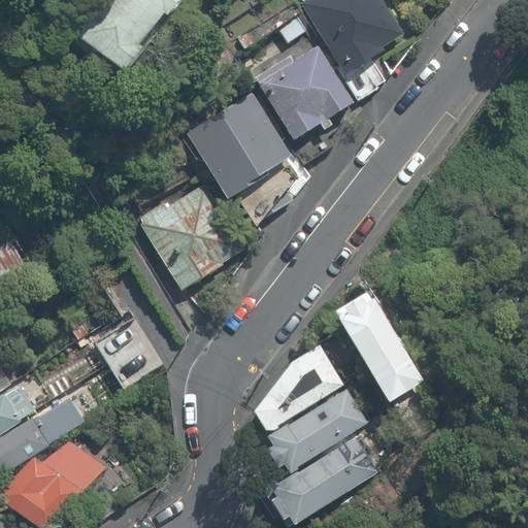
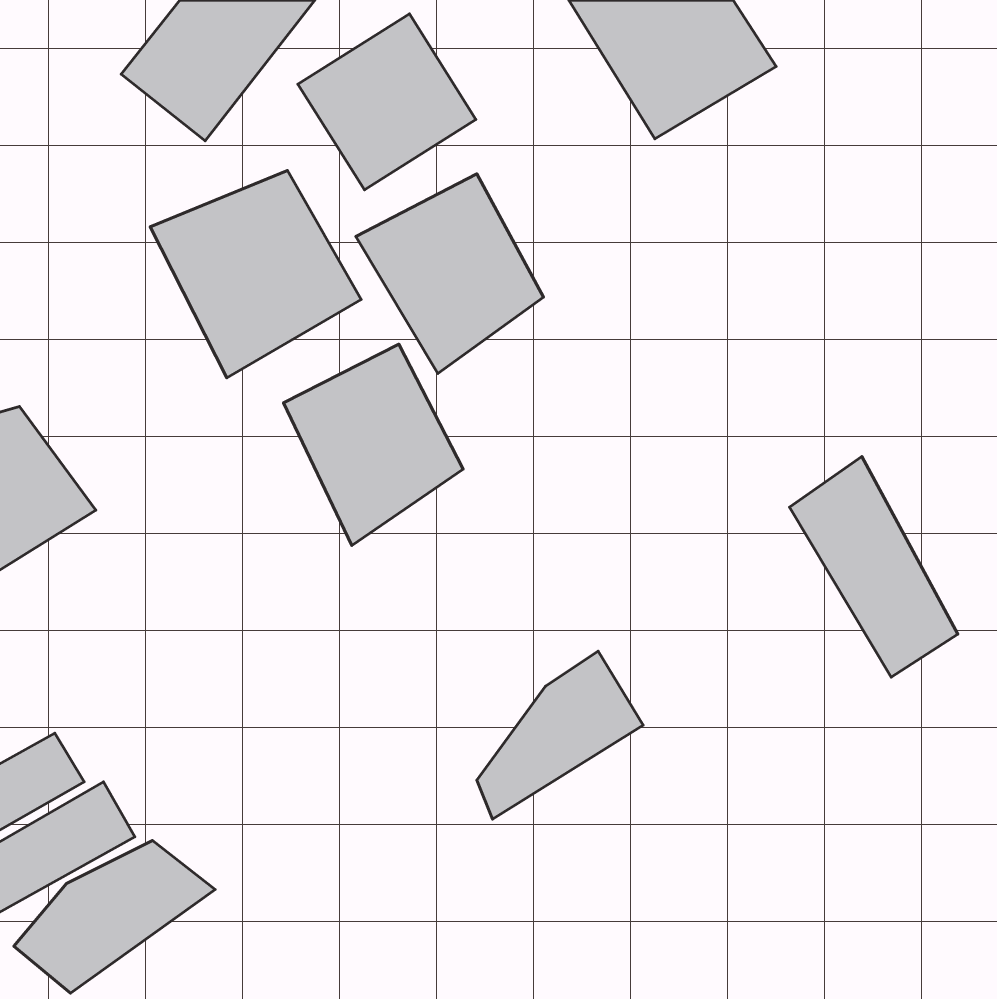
building: [259,45,353,138] -> [298,14,476,190]
building: none -> [150,170,361,378]
building: [328,285,417,401] -> [790,456,958,677]
building: [264,391,365,470] -> none
building: [265,435,377,523] -> none

